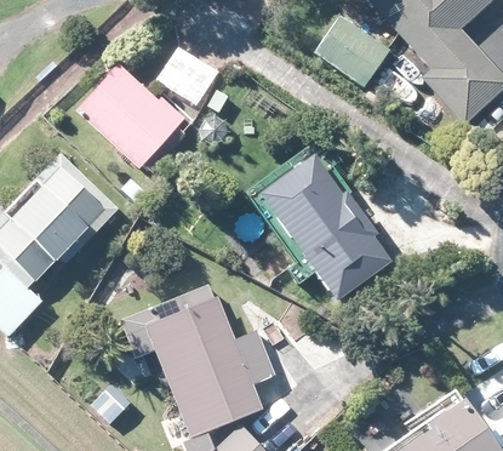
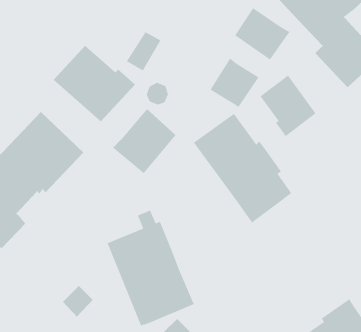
building: none -> [210,58,259,108]
building: none -> [260,74,317,137]
building: none -> [112,108,177,174]

